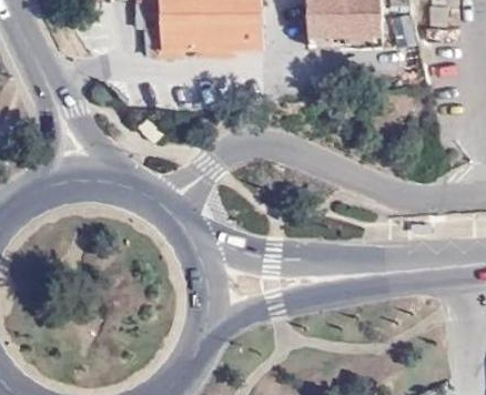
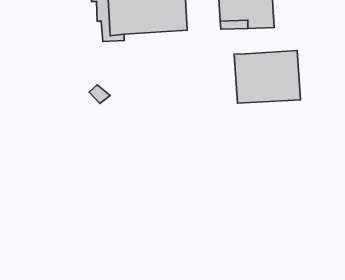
building: none -> [234,51,301,103]

